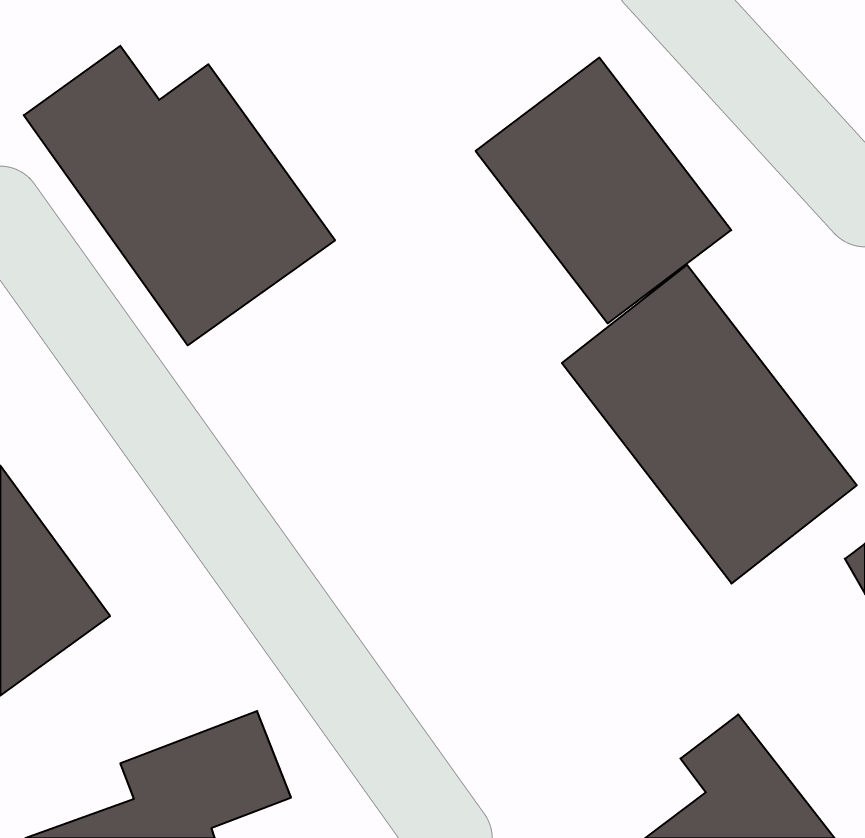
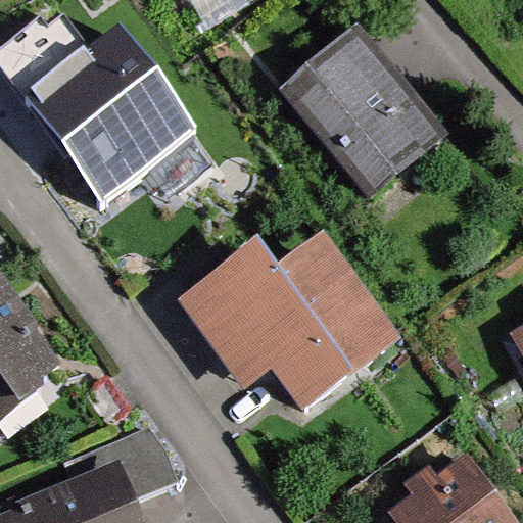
building: [562,265,857,584] -> none
building: none -> [179,252,388,415]

